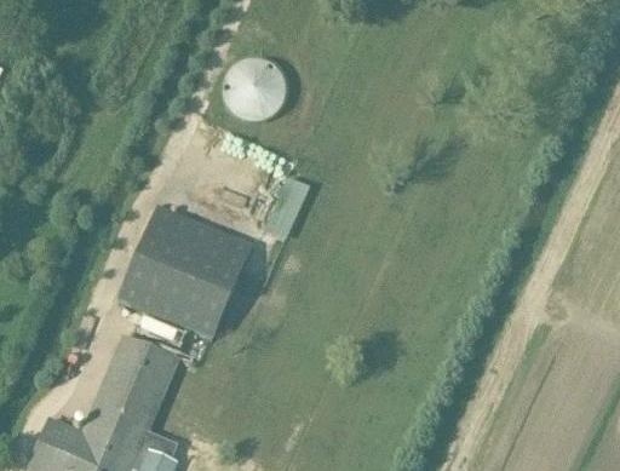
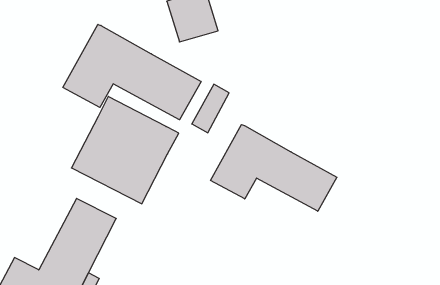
building: none -> [63,24,201,120]
building: none -> [211,125,337,211]

